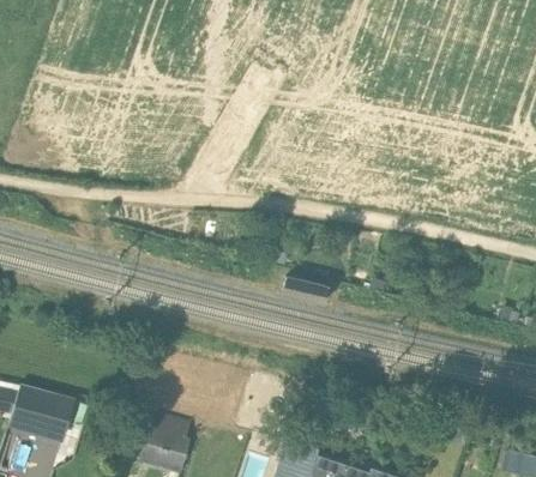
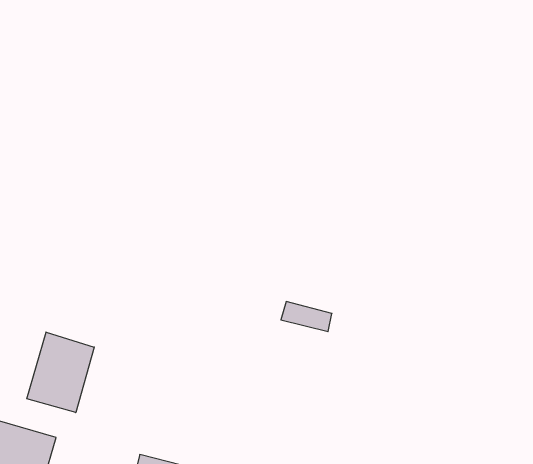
building: none -> [27,332,94,413]

